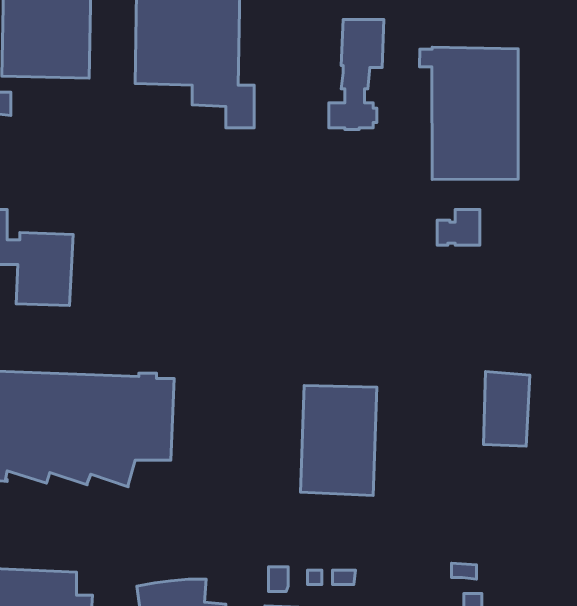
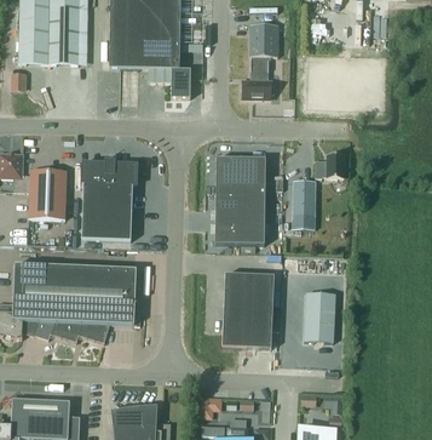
building: [420,47,518,180] -> none
building: none -> [214,158,265,244]
building: none -> [81,160,137,240]
building: none -> [293,181,315,216]
building: [484,372,530,446] -> [304,291,335,342]

